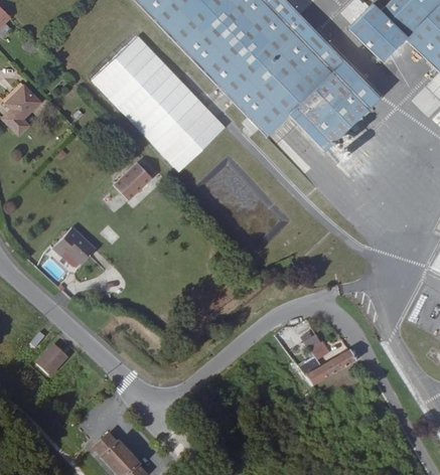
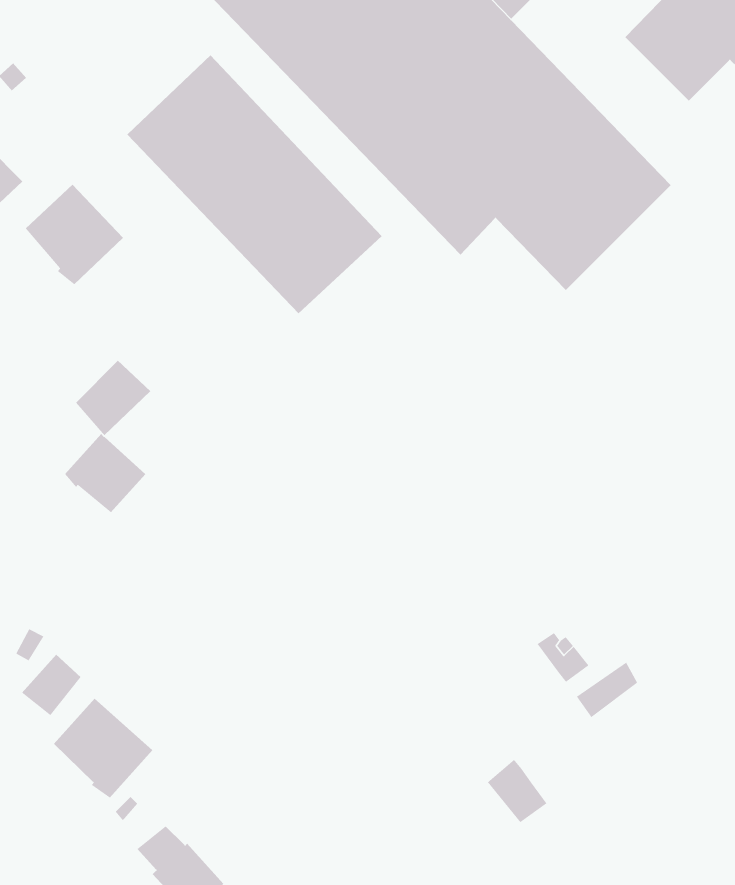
building: none -> [25,184,124,285]
building: [118,161,157,200] -> [75,360,151,436]
building: [302,354,333,387] -> [487,759,547,823]
building: none -> [53,698,153,799]

